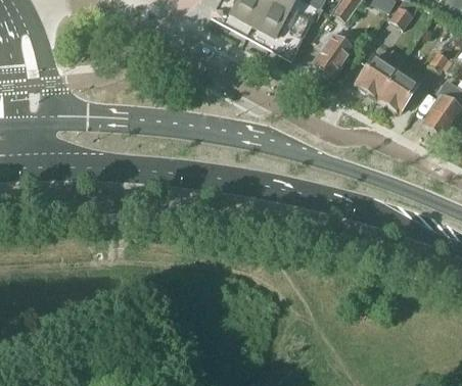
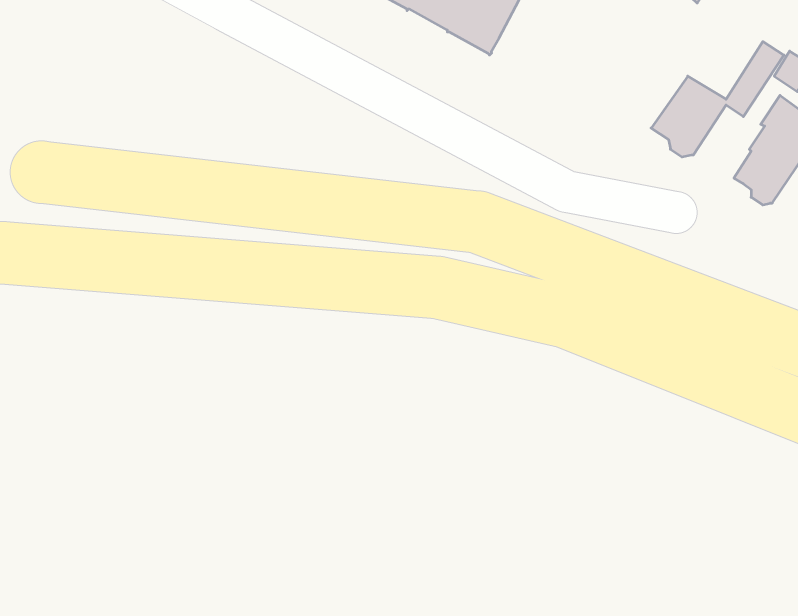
building: [313,34,354,77] -> none
building: [357,50,405,96] -> none

